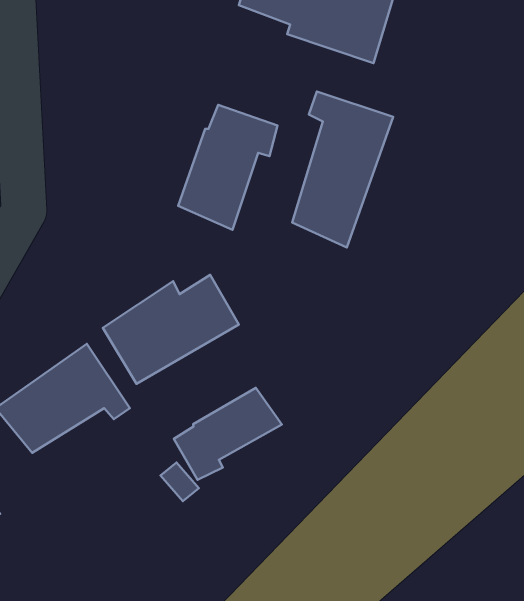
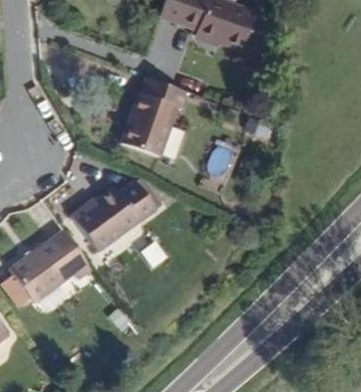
building: [292,92,393,248] -> none
building: [174,388,282,480] -> none

